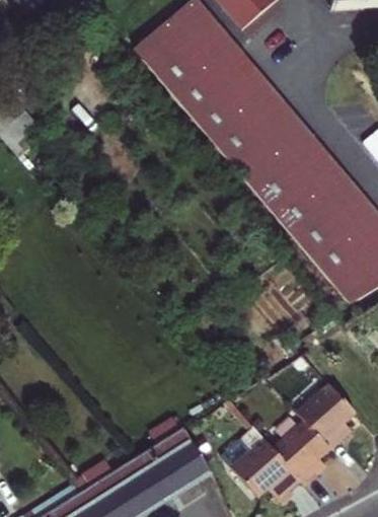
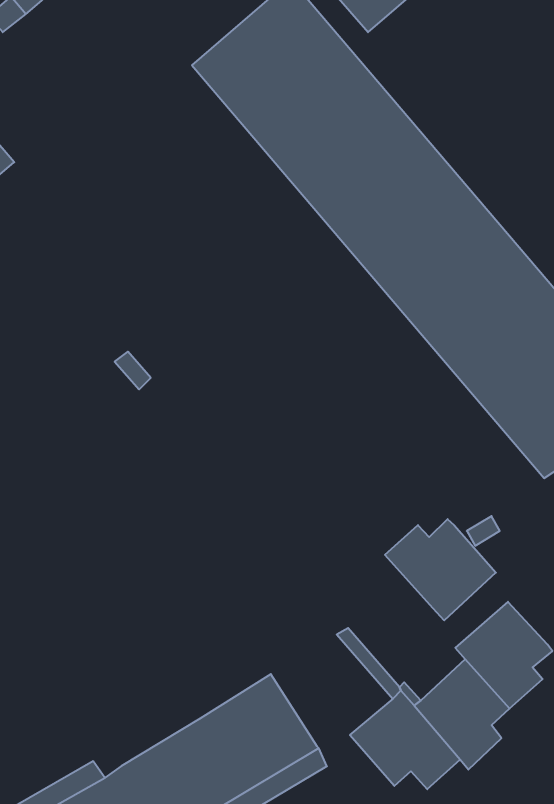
building: none -> [385,519,496,620]

